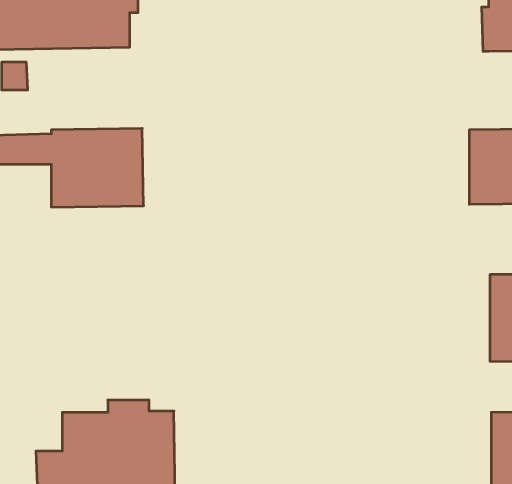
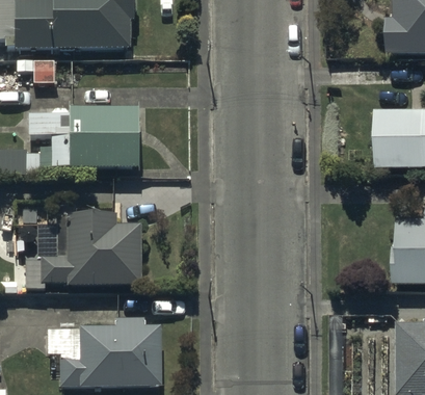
building: none -> [37,214,139,285]

